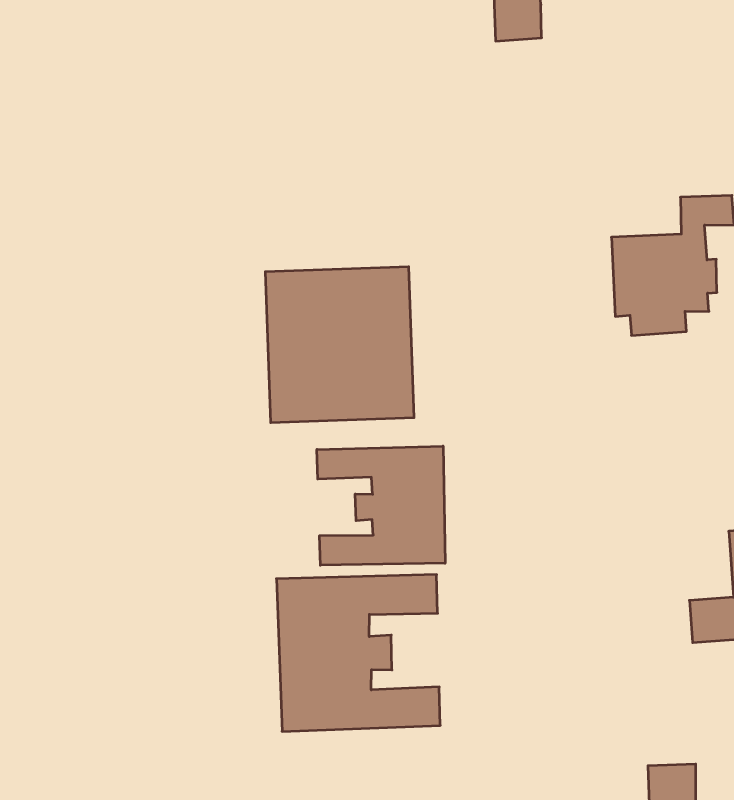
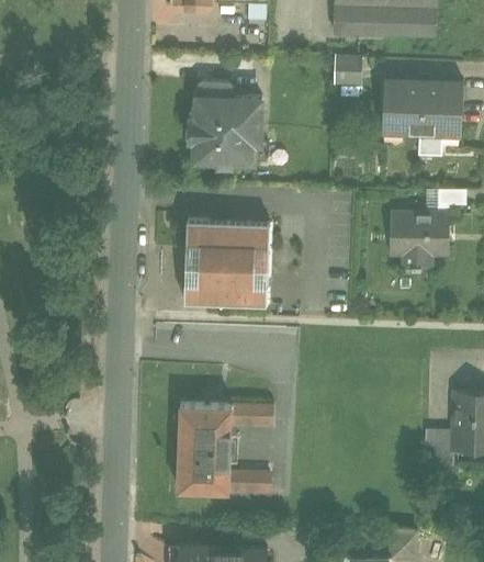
building: none -> [381,76,463,158]
building: none -> [183,88,262,166]
building: [317,446,445,565] -> none

